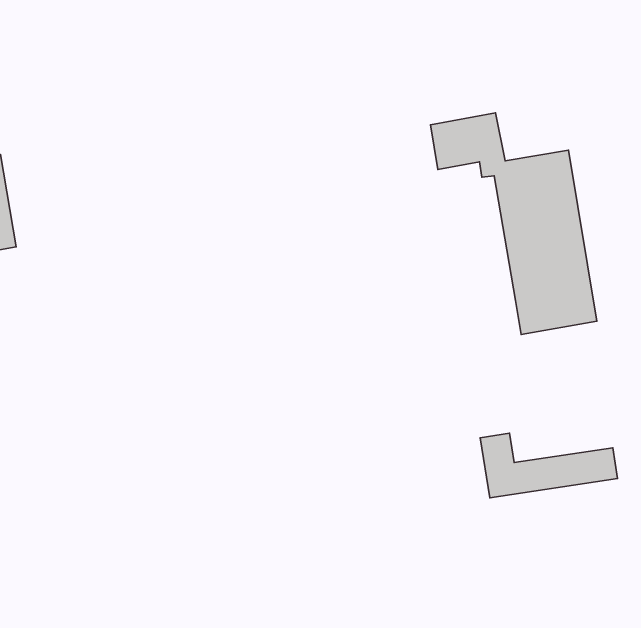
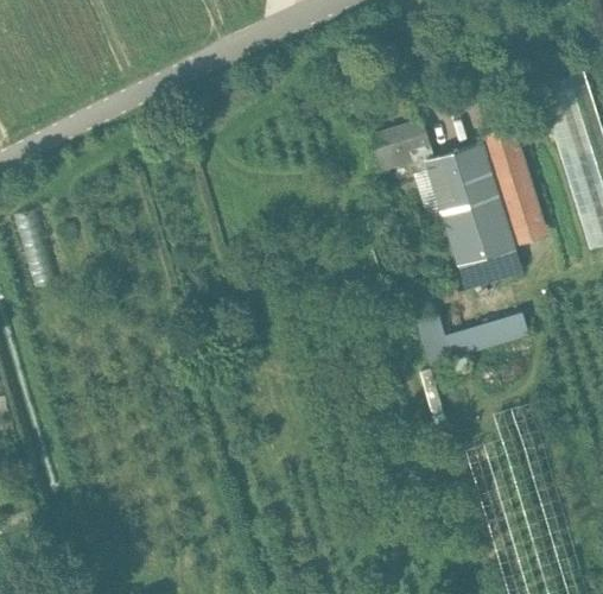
building: none -> [484,128,545,239]
building: [480,433,617,498] -> [415,312,528,366]

